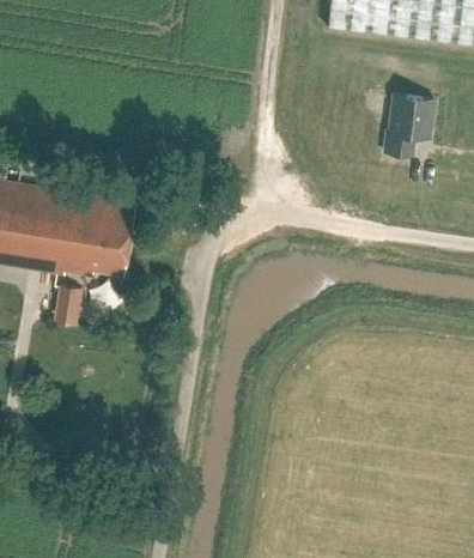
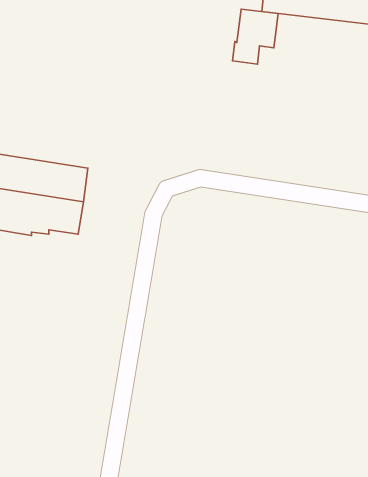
building: [385,92,436,153] -> [233,9,278,64]
building: [55,283,83,323] -> none

